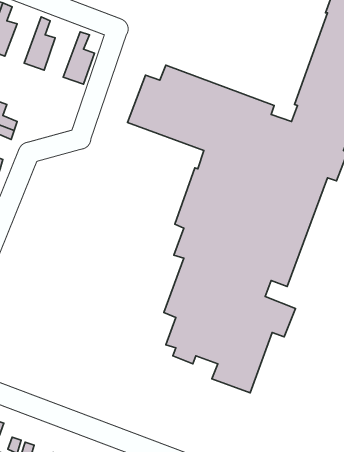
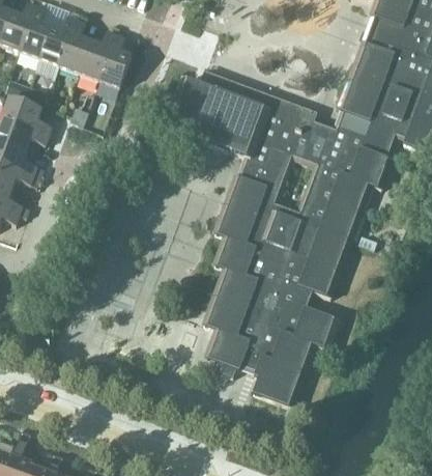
building: none -> [39,16,77,66]
building: none -> [80,30,117,81]

